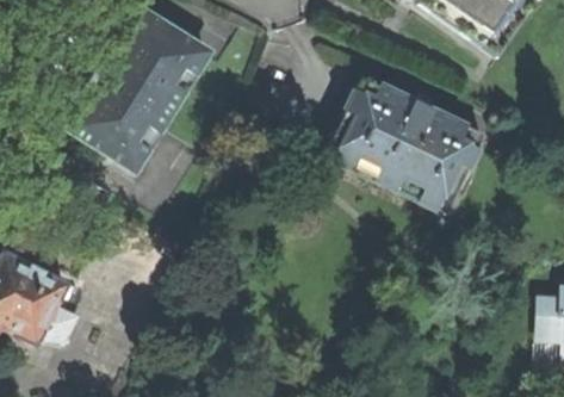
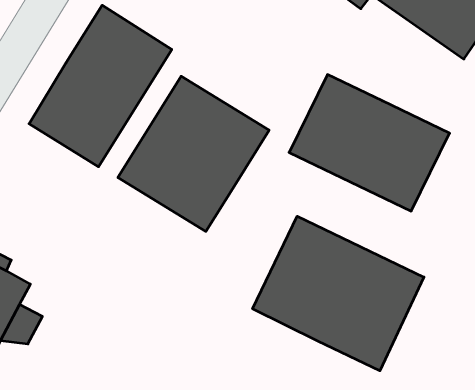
building: none -> [118,76,269,231]
building: none -> [253,216,424,371]

